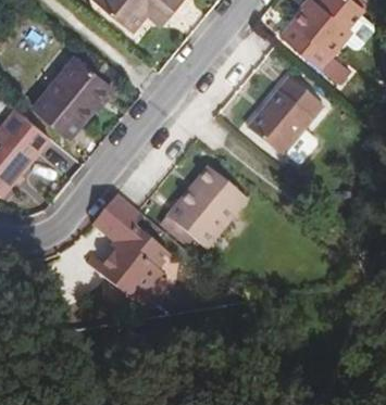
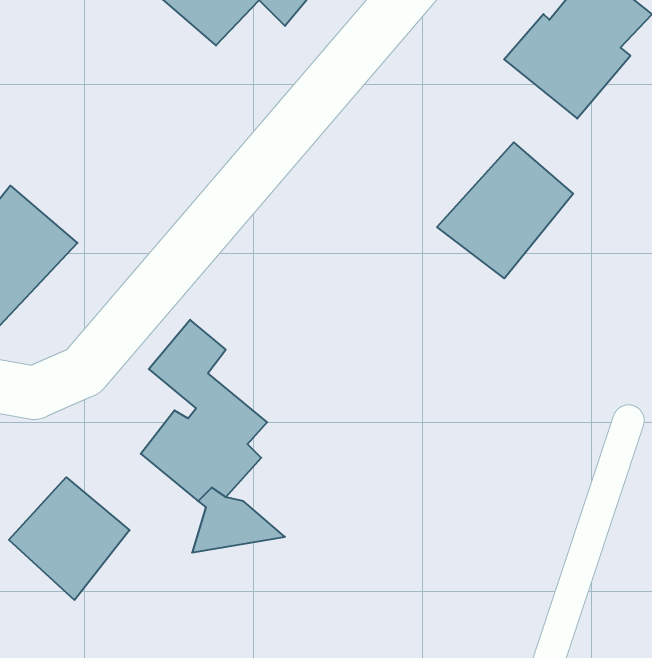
building: [29,61,111,141] -> none
building: [169,170,250,250] -> none
building: none -> [9,477,130,600]

